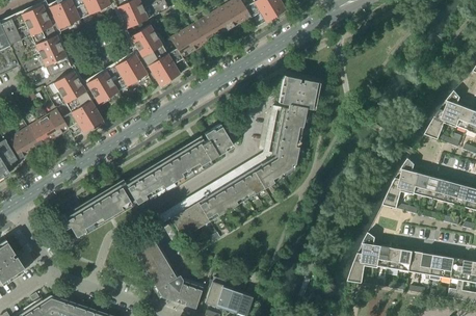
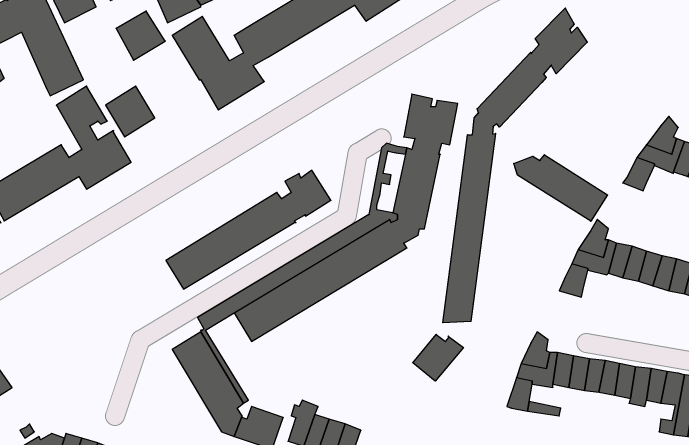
building: none -> [443,8,587,323]
building: [115,53,148,85] -> [116,11,165,60]
building: none -> [514,155,608,221]
building: [59,183,132,236] -> none
building: none -> [413,334,463,381]

